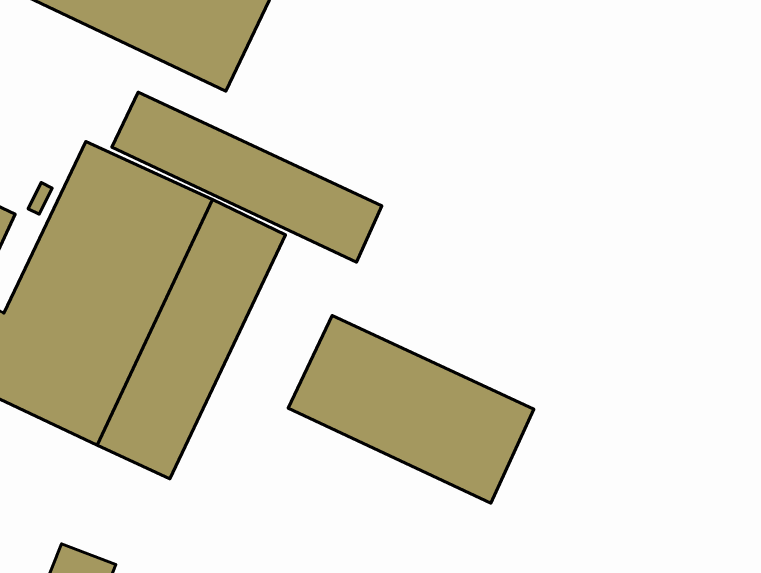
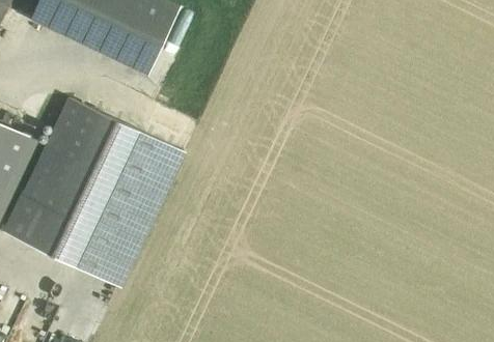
building: [112,92,382,262] -> none
building: [288,316,534,503] -> none

